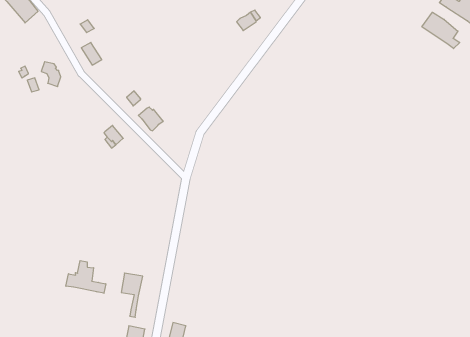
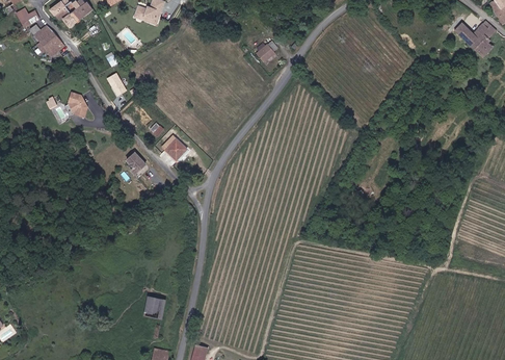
building: [422,12,460,49] -> none
building: [66,261,106,293] -> none

